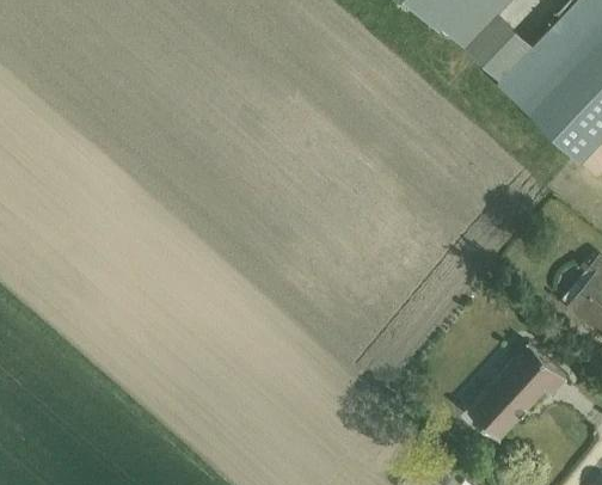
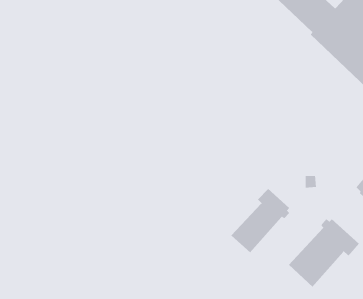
building: none -> [231,188,290,253]

